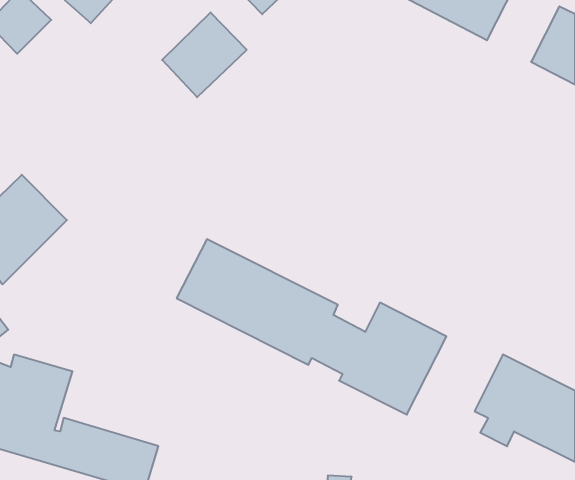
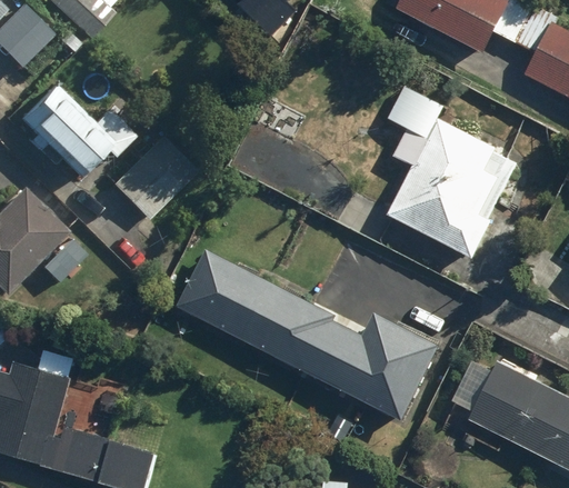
building: [162,12,247,97] -> [113,133,197,217]
building: none -> [19,83,133,177]
building: none -> [389,96,501,259]

